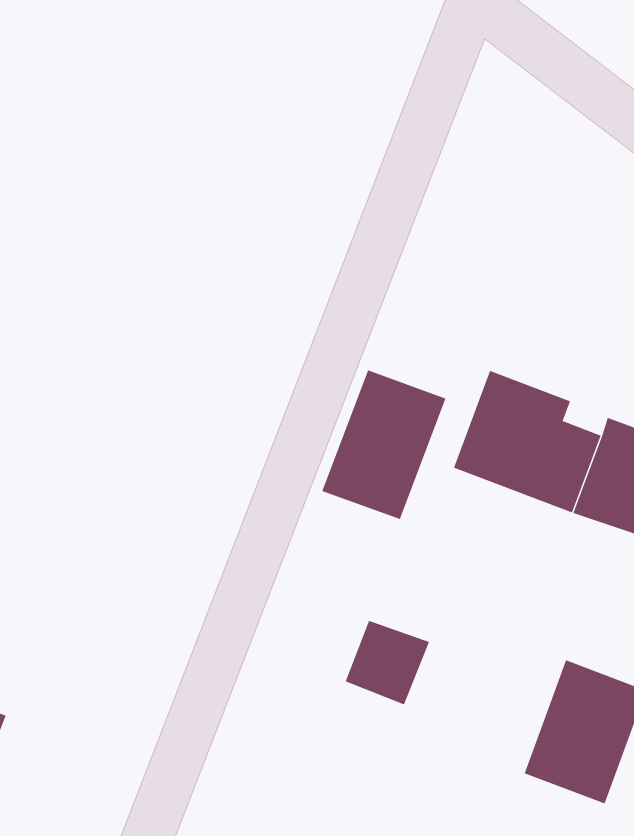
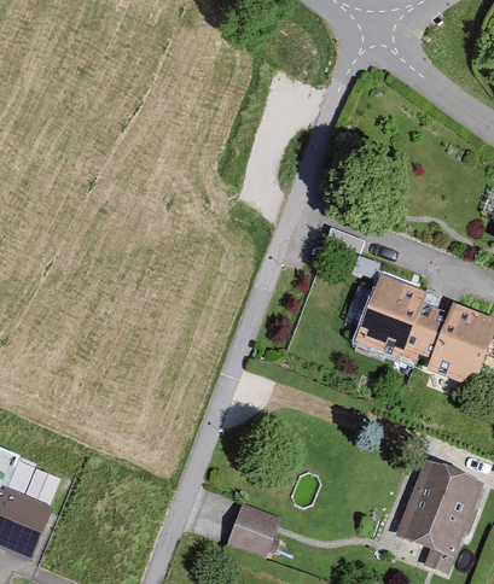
building: [322,370,446,520] -> none
building: [345,620,430,705] -> [225,501,281,557]

